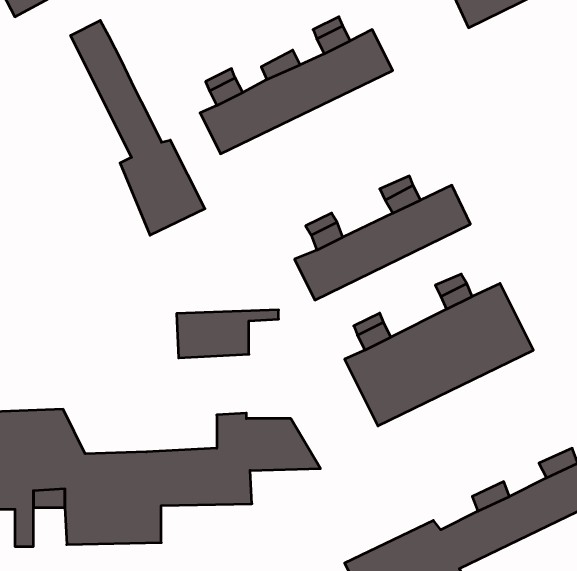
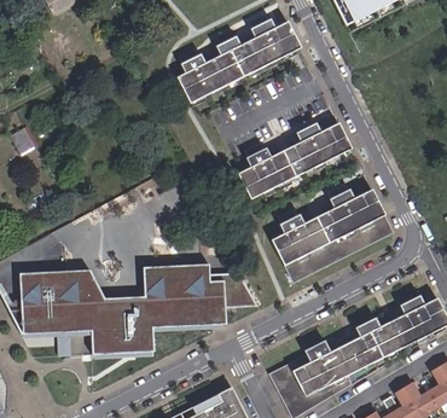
building: [71,20,205,235] -> none
building: [177,310,279,358] -> [139,266,205,297]

